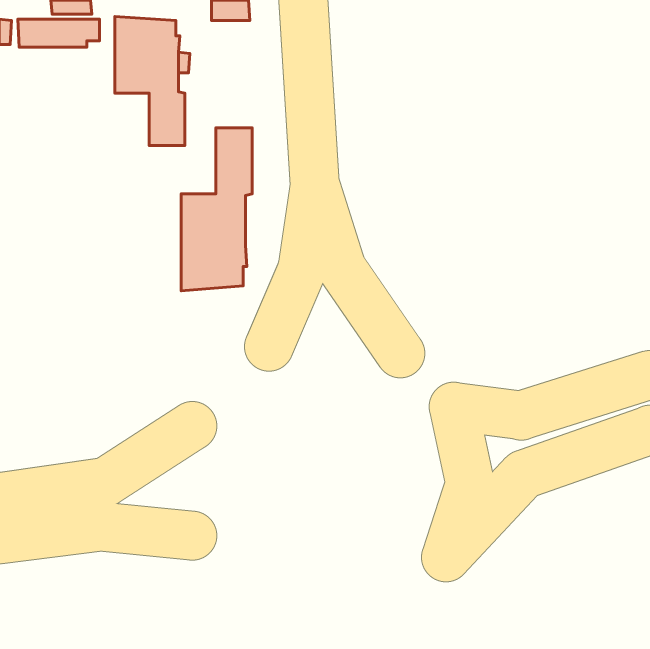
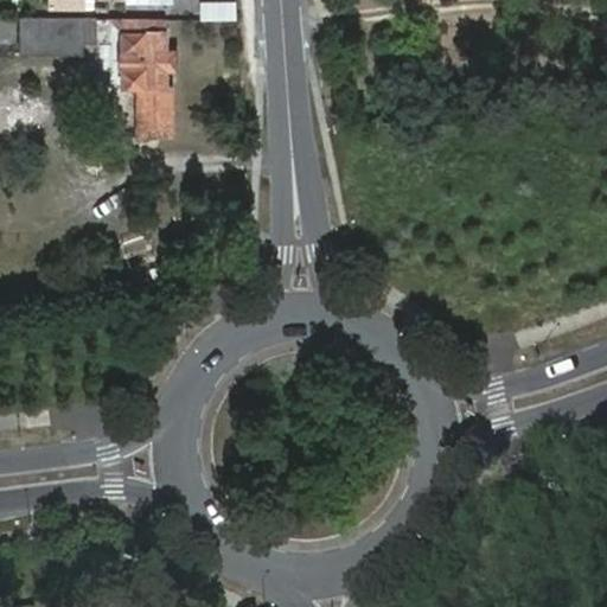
building: [181,128,252,291] -> none

